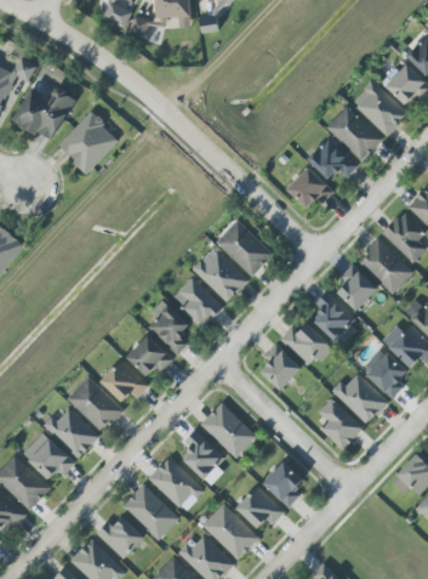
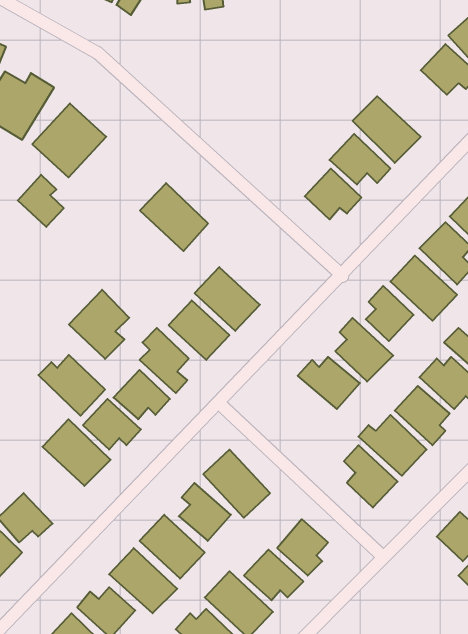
building: [352,80,407,135] -> none
building: none -> [18,175,64,227]
building: [216,220,273,277] -> [140,183,208,251]
building: none -> [69,290,129,359]
building: [261,344,302,391] -> none
building: [44,408,99,459] -> [38,355,105,416]

